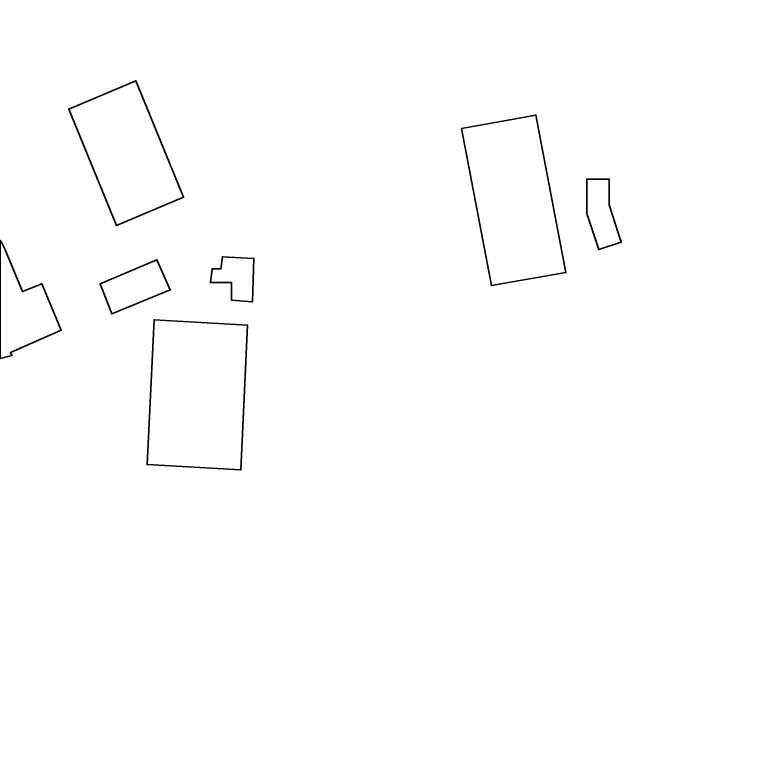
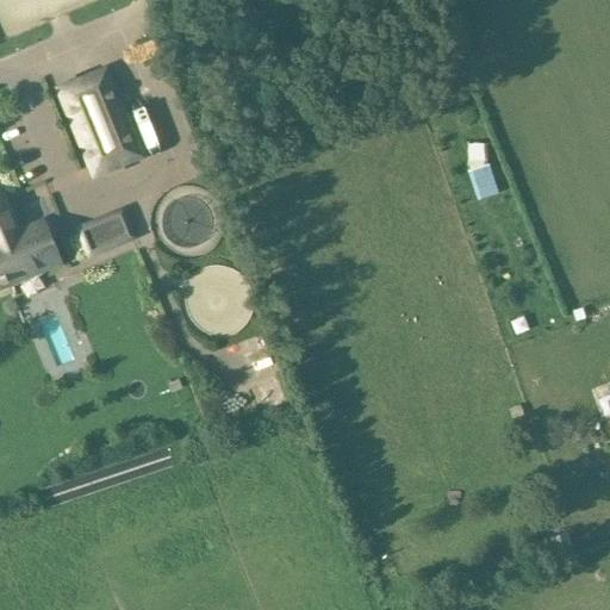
building: [462,115,566,286] -> none
building: [147,320,248,470] -> none

